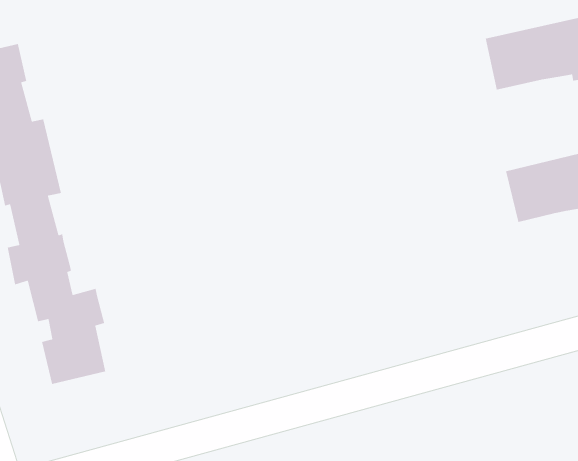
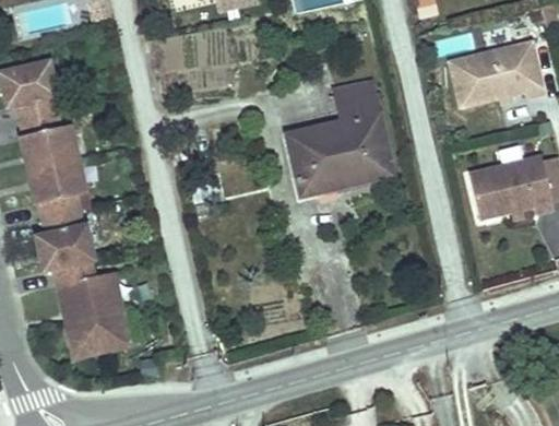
building: none -> [287,83,393,197]

